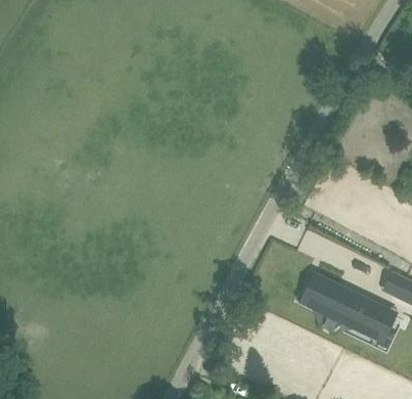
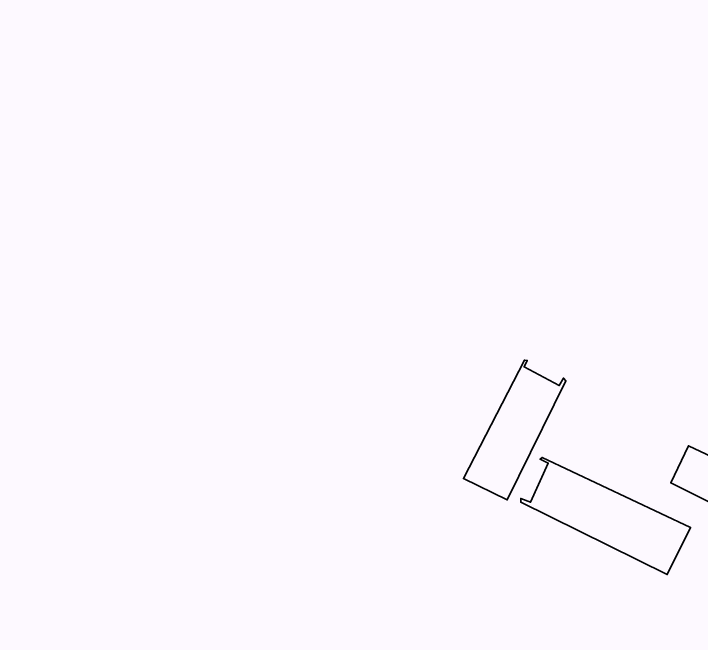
building: none -> [464,360,566,500]

